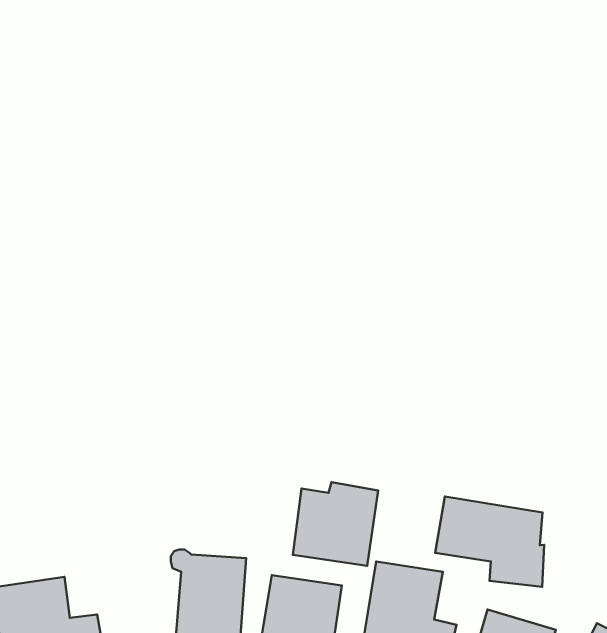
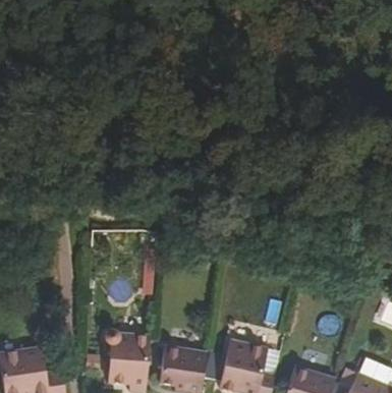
building: [293,482,378,566] -> none
building: [435,497,544,587] -> none

